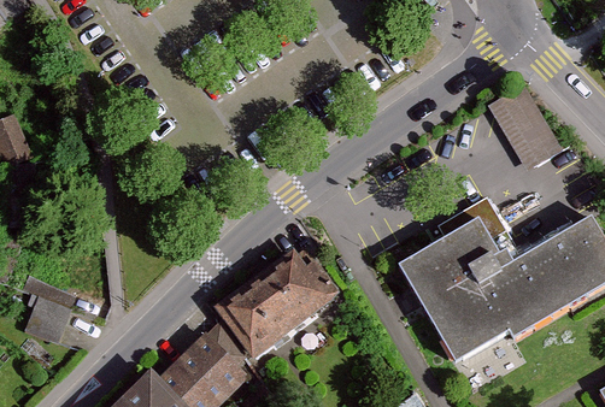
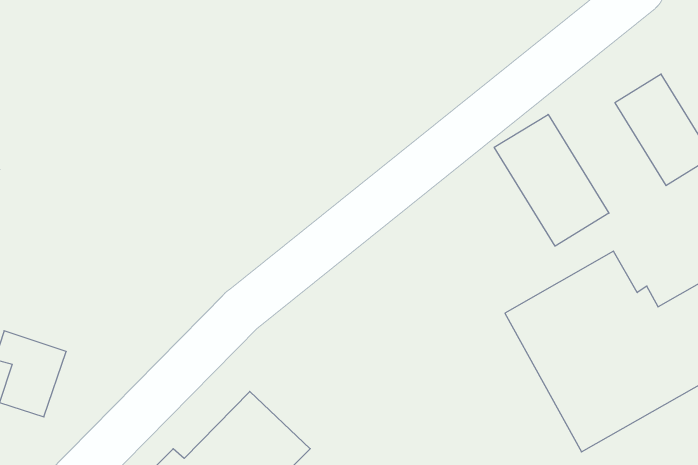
building: none -> [494,114,609,246]
building: [216,242,337,358] -> none

